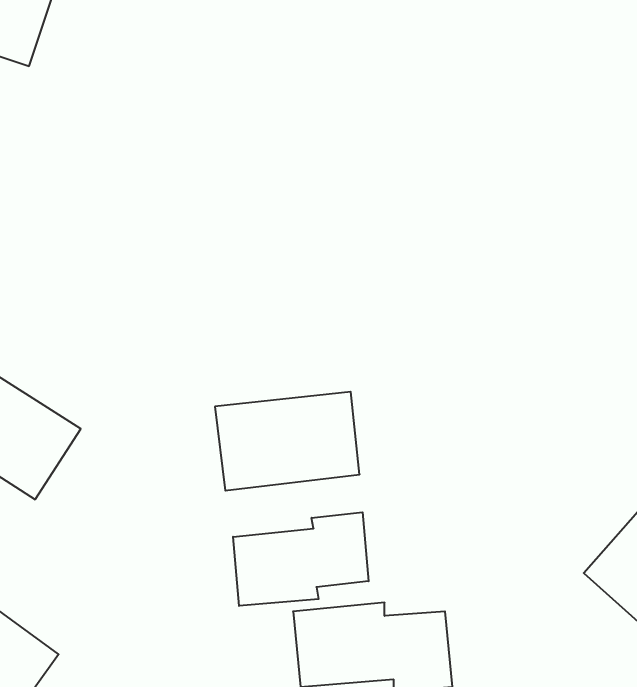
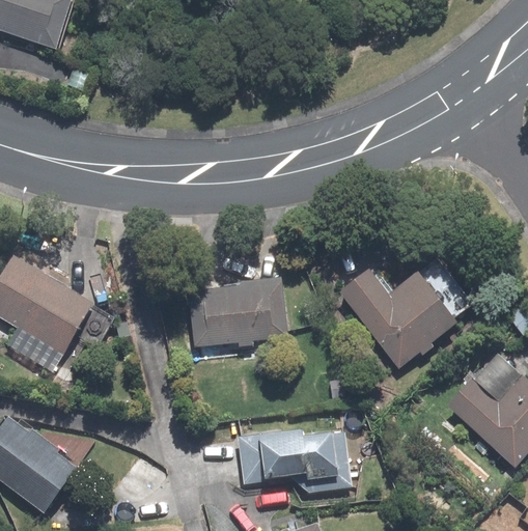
building: none -> [334,256,476,368]
building: [233,512,369,606] -> none

